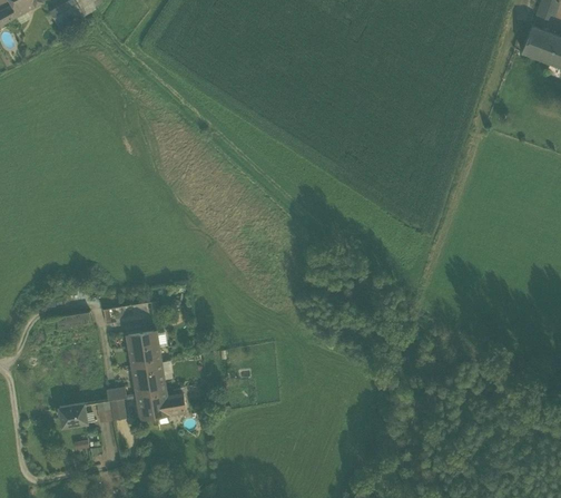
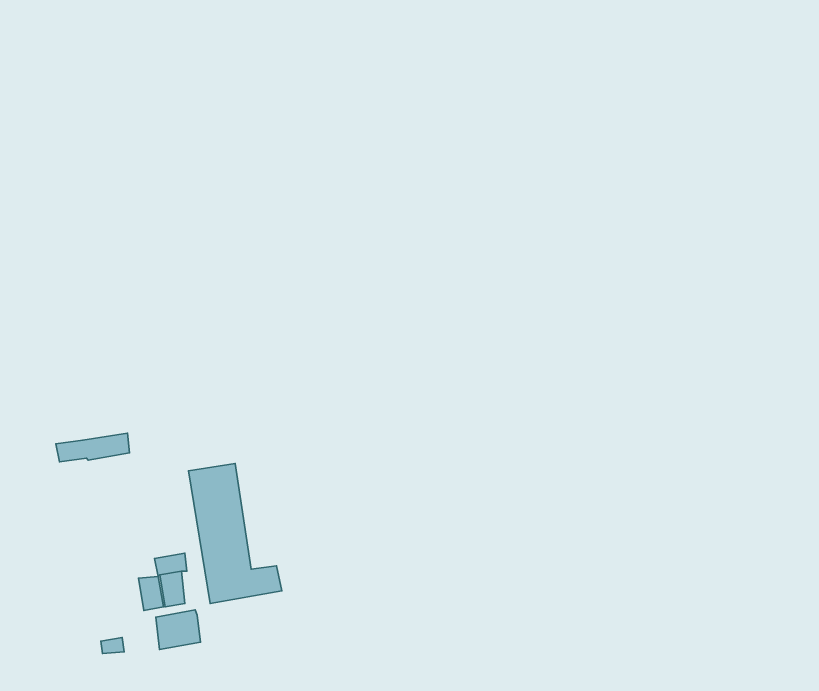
building: [59,403,87,428] -> [156,610,201,649]

